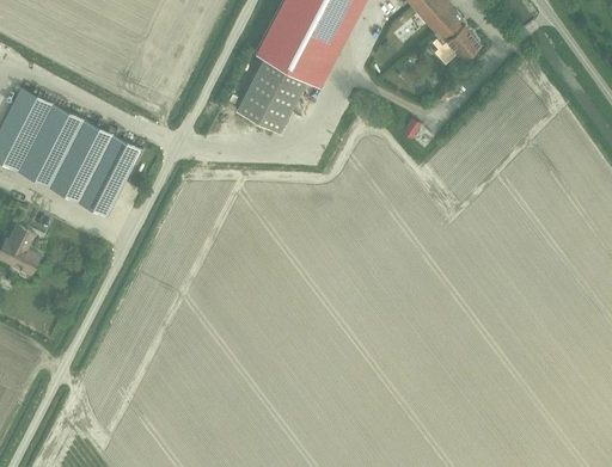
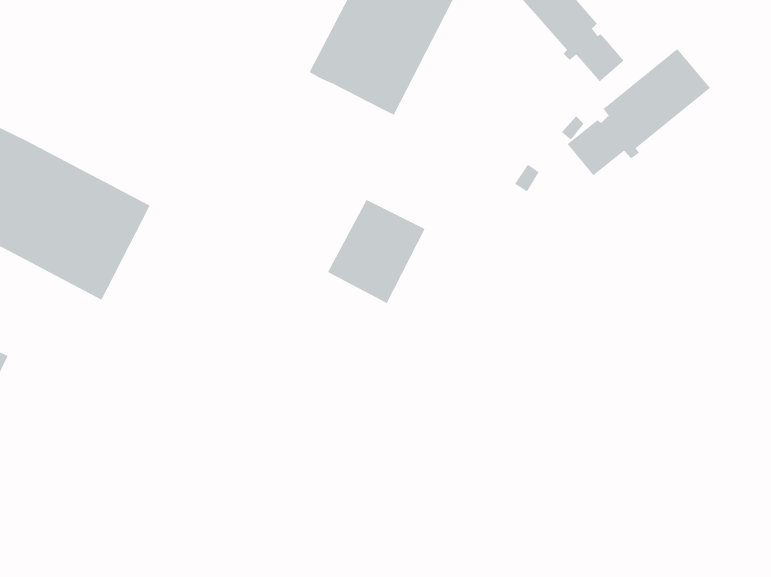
building: none -> [567,48,711,176]
building: [237,60,307,135] -> [327,199,426,304]

